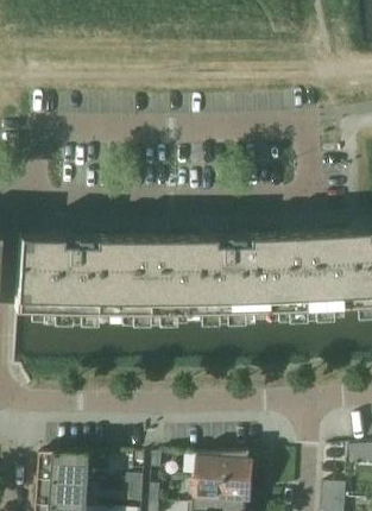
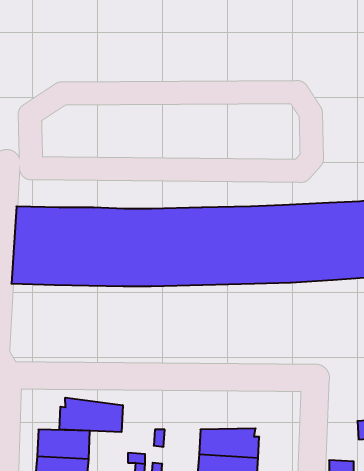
building: none -> [59,398,123,432]

